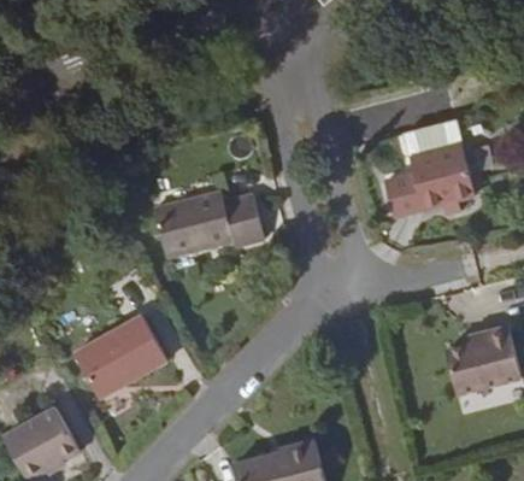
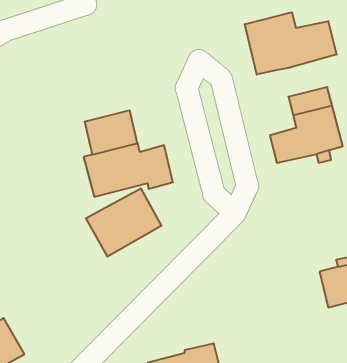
building: none -> [245,12,337,75]
building: none -> [85,110,137,155]
building: [73,315,167,399] -> [86,188,162,256]

